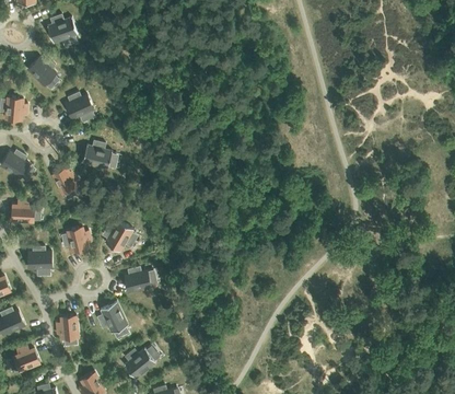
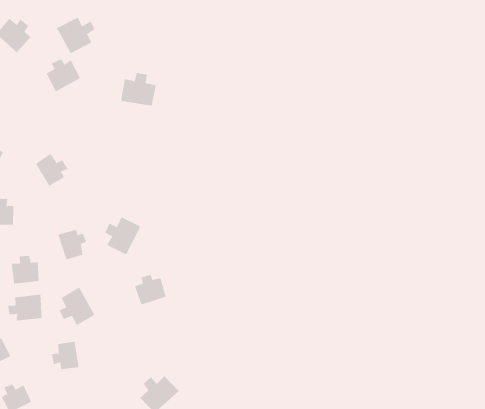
building: none -> [56,17,95,54]
building: [82,140,112,169] -> [120,72,156,107]
building: none -> [7,294,42,322]
building: [98,301,127,332] -> [59,287,95,326]

